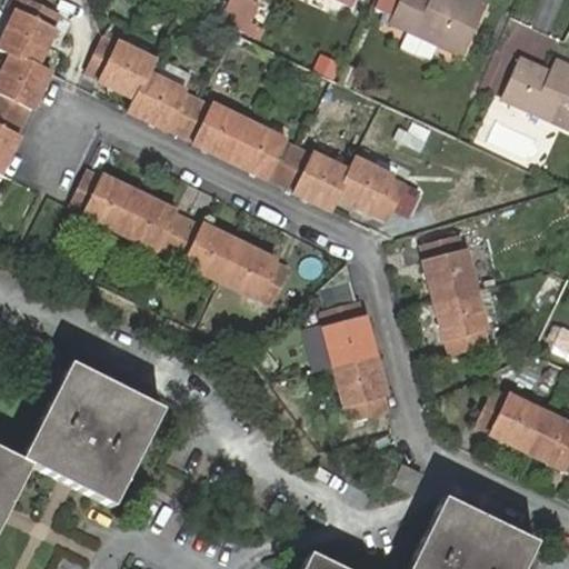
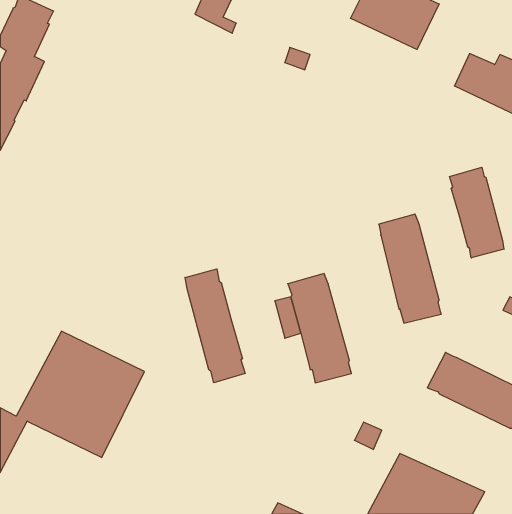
building: [86,36,407,220] -> none
building: [71,169,291,305] -> none
building: none -> [449,167,504,258]
building: none -> [185,269,245,383]

